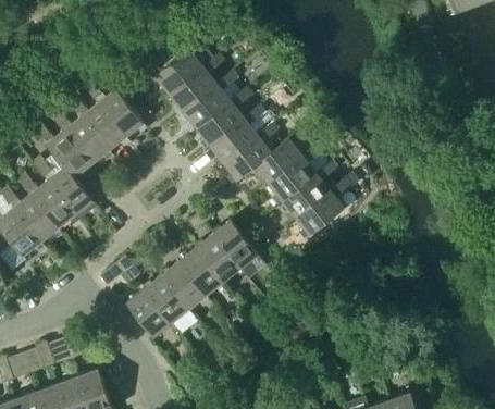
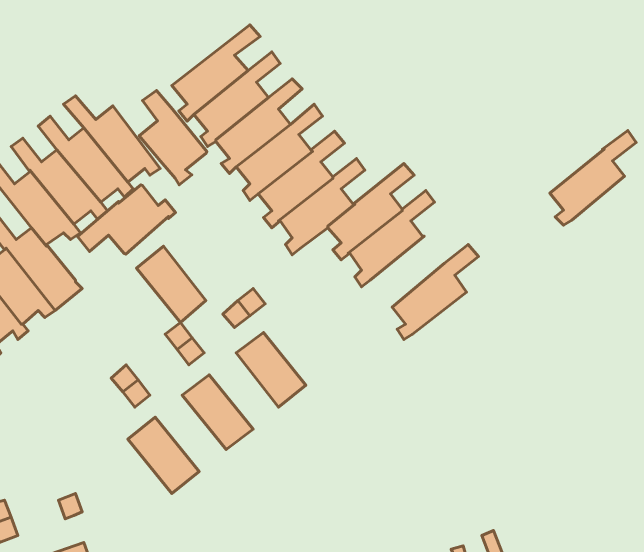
building: none -> [139,90,207,185]
building: none -> [77,185,175,254]
building: [282,160,337,221] -> [550,130,636,225]
building: [213,220,258,268] -> none
building: [178,247,223,296] -> [136,246,206,322]
building: [144,274,189,323] -> none

